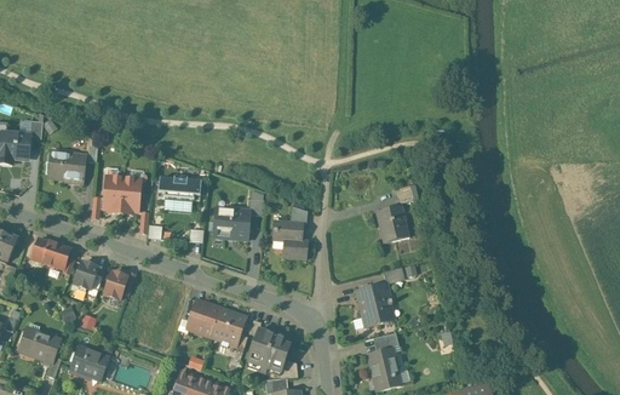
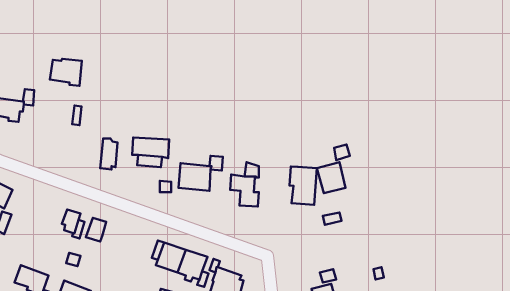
building: [47,153,85,184] -> [50,59,82,86]
building: [103,177,124,213] -> none
building: none -> [290,167,317,205]
building: [31,237,70,269] -> none
building: [355,284,392,326] -> none

